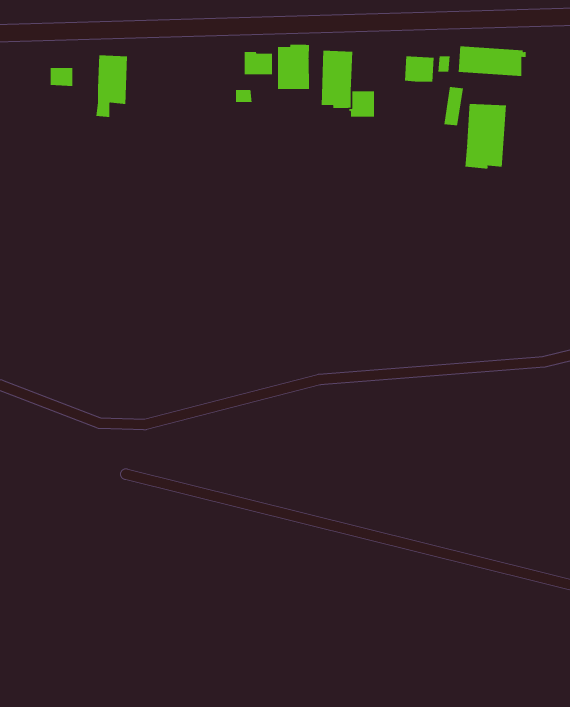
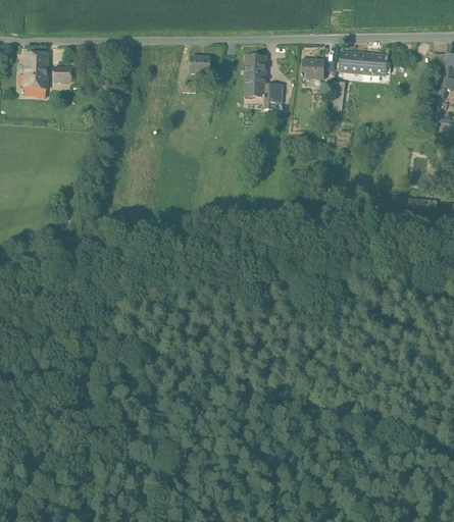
building: [278,44,309,90] -> none
building: [96,55,128,117] -> [24,53,47,97]
building: [465,103,506,169] -> none

